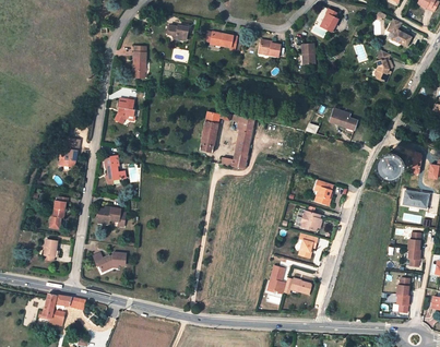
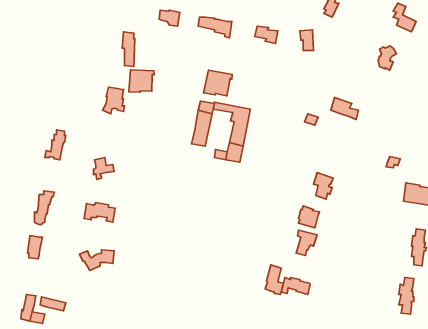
building: none -> [129,70,154,92]
building: none -> [204,70,232,96]

